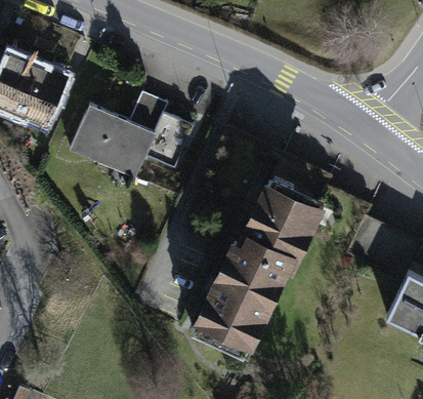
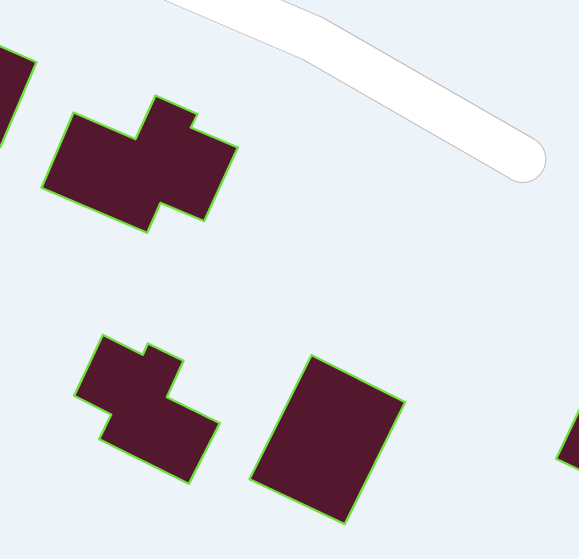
building: [232,176,328,281] -> none
building: none -> [74,335,220,484]

